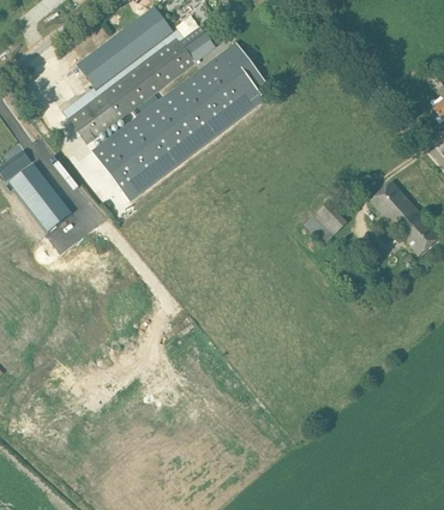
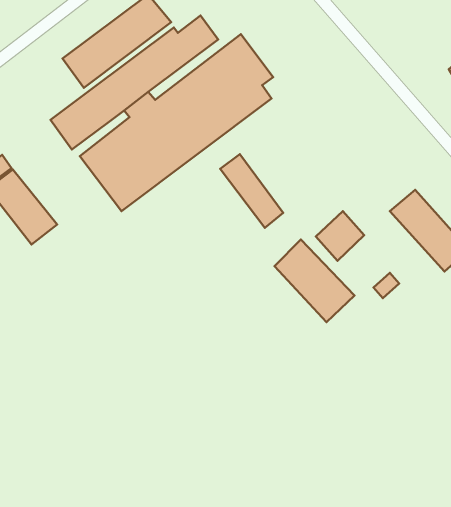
building: none -> [220,154,283,228]
building: none -> [274,239,354,322]

